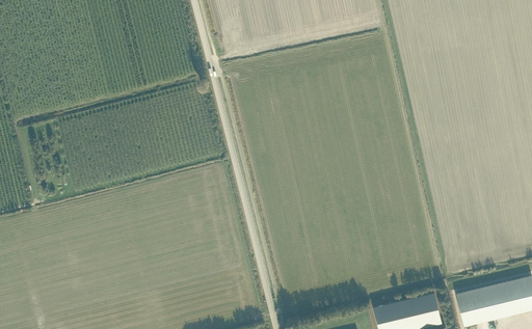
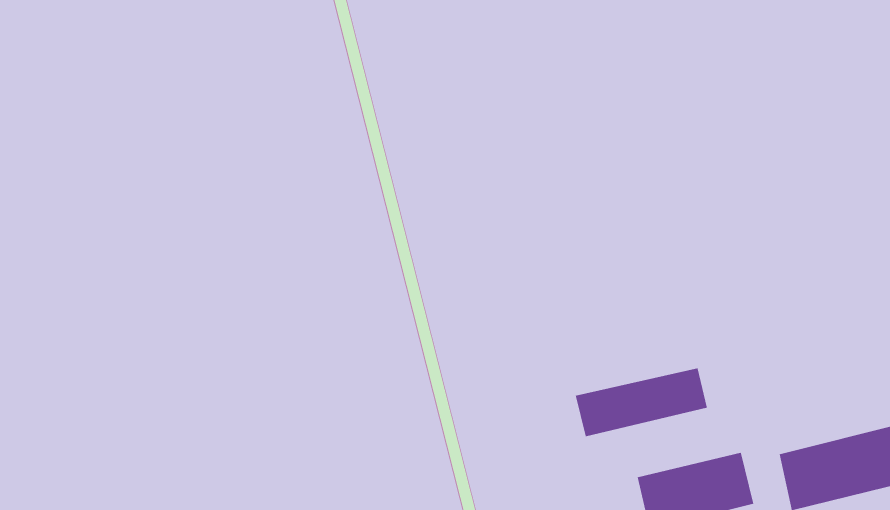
building: none -> [575,367,707,437]

